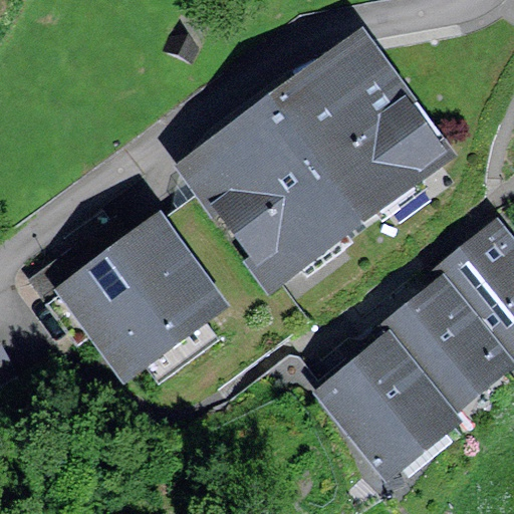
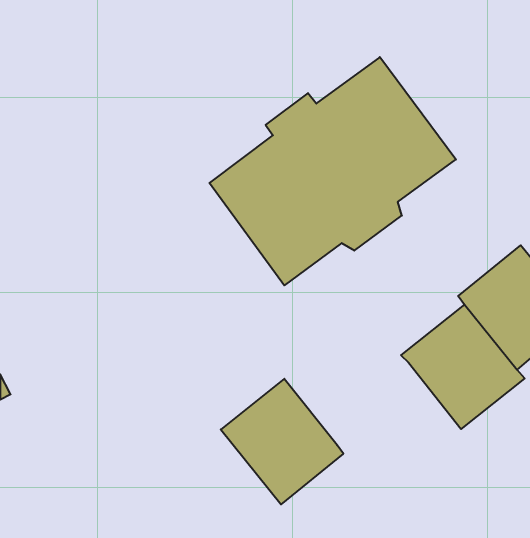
building: [44,222,218,362] -> none
building: [337,344,454,464] -> [221,379,343,504]

